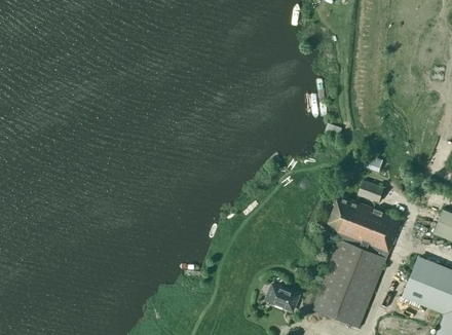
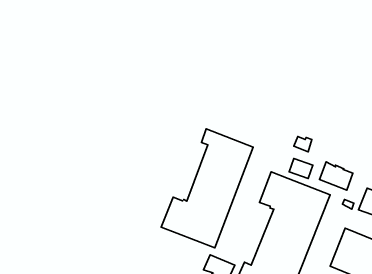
building: none -> [161,129,253,248]
building: none -> [319,162,353,190]

